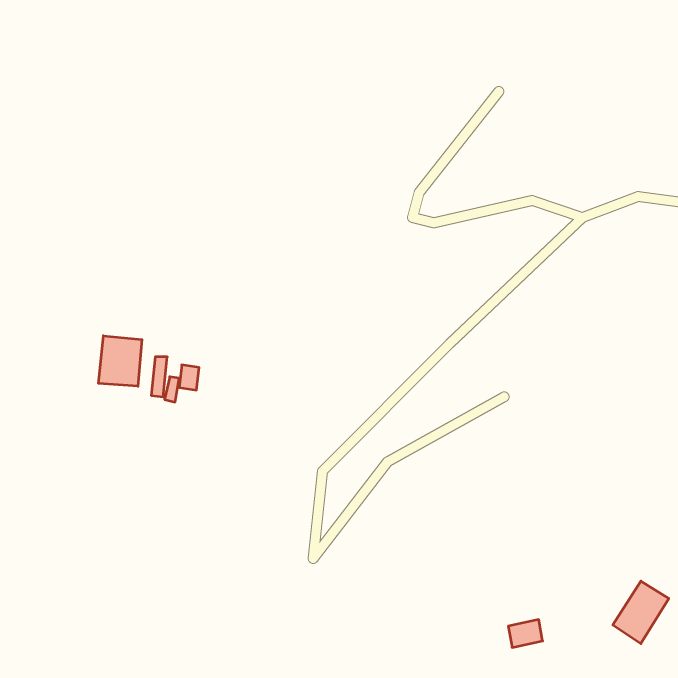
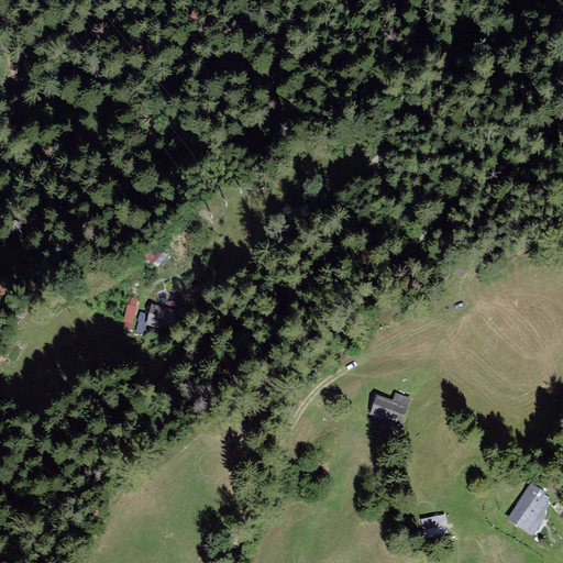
building: [99,336,142,386] -> none
building: none -> [367,395,411,429]

